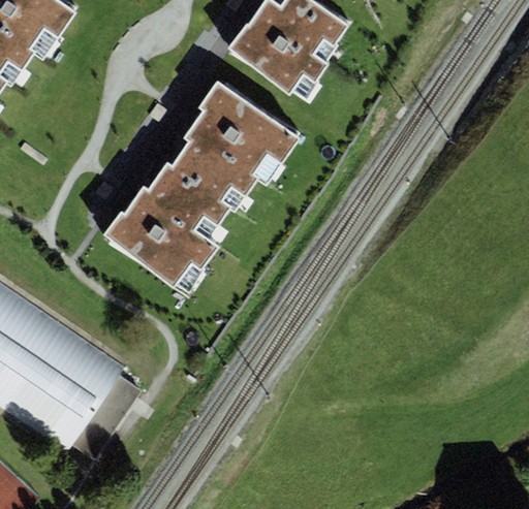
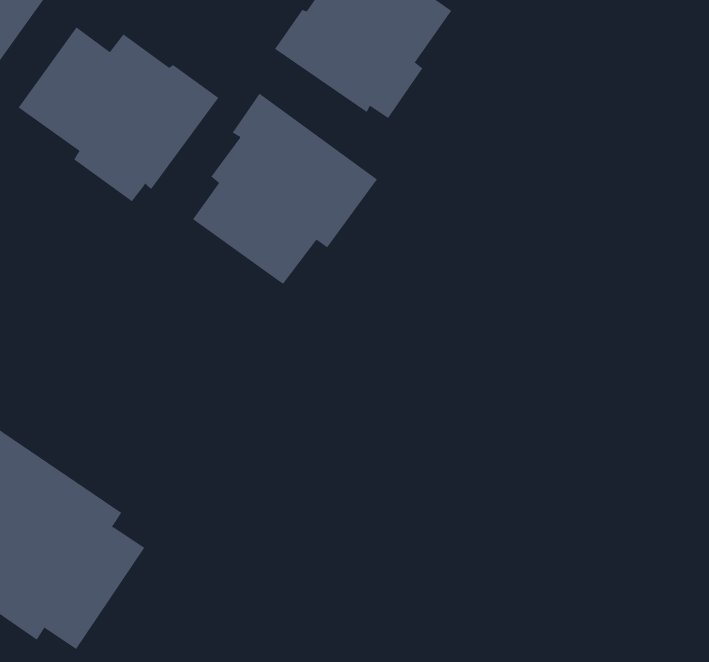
building: none -> [18,27,219,202]
building: [102,161,229,293] -> none

